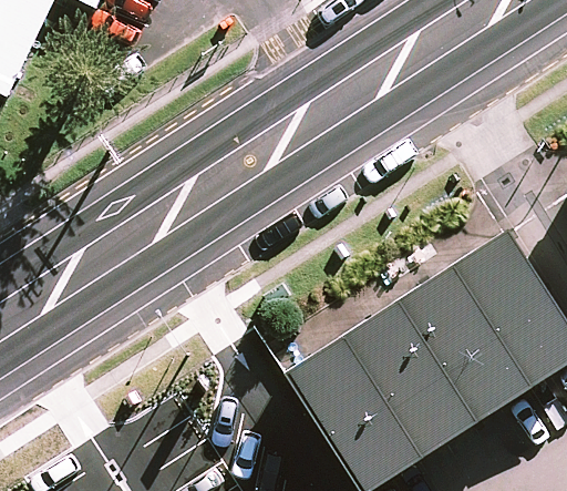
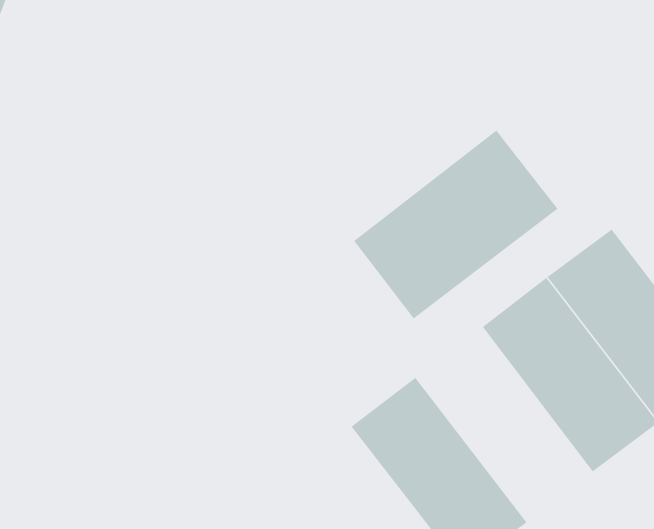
building: none -> [353,130,558,320]
building: [344,299,478,457] -> none

